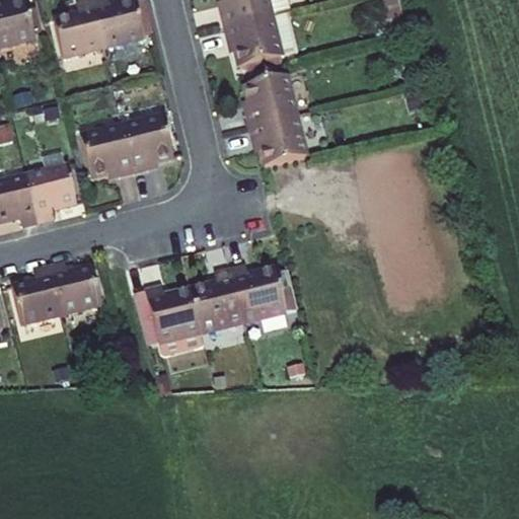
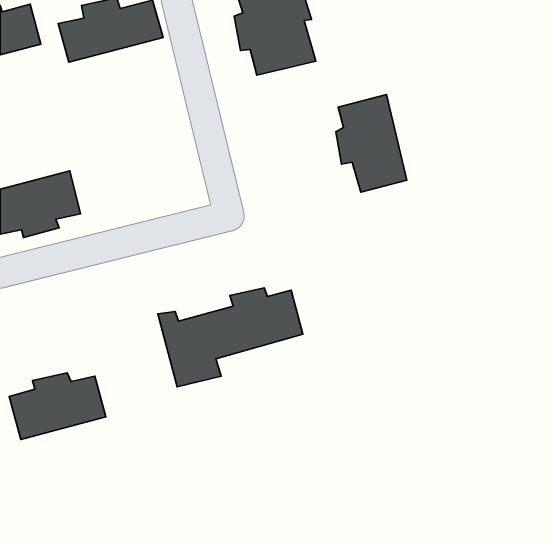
building: [237,82,304,174] -> [336,94,407,192]
building: [79,109,173,175] -> none
building: [9,262,100,324] -> [9,373,106,440]

